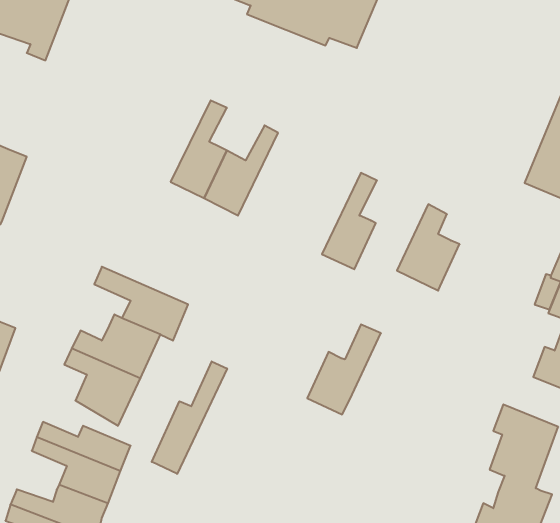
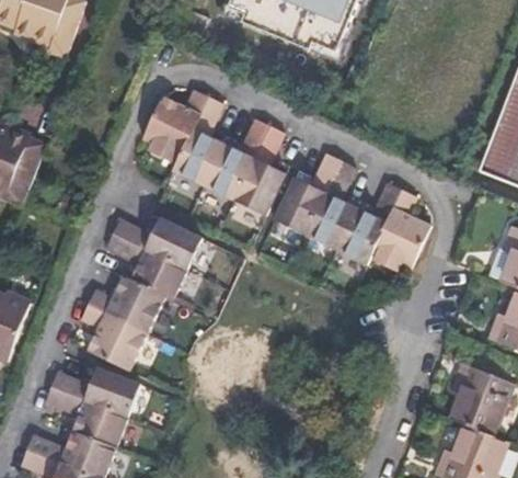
building: none -> [141,89,206,152]
building: none -> [230,125,284,213]
building: none -> [273,152,337,231]
building: none -> [111,224,200,275]
building: [307,324,381,414] -> [332,180,396,259]
building: [152,361,227,474] -> none

